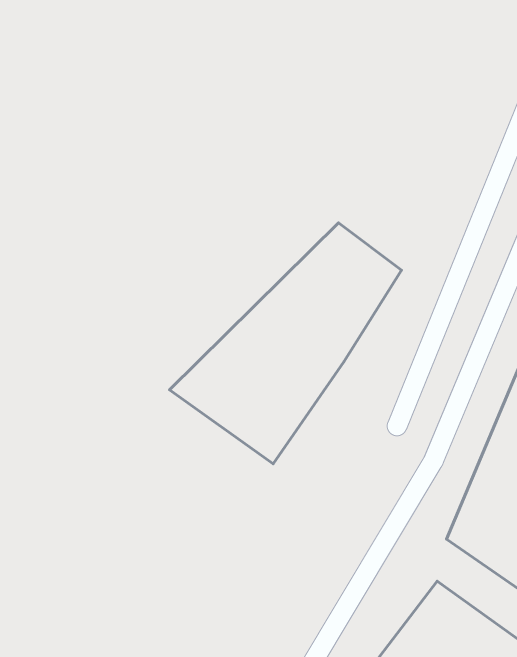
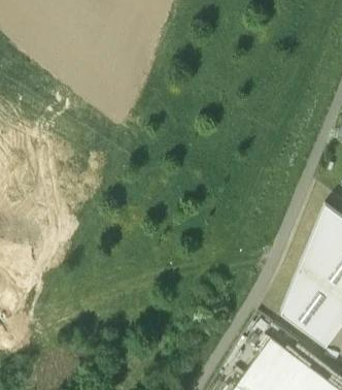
building: [170,223,401,464] -> none

